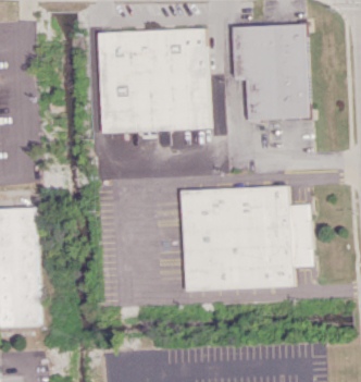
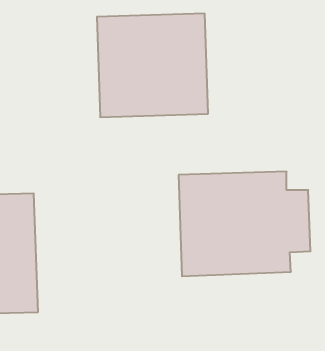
building: [235,24,310,120] -> none

